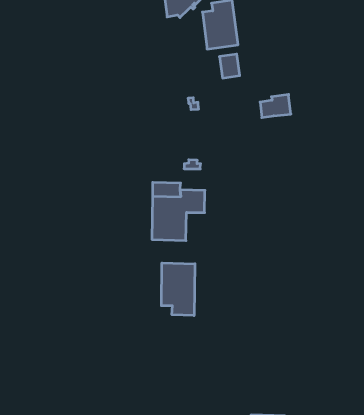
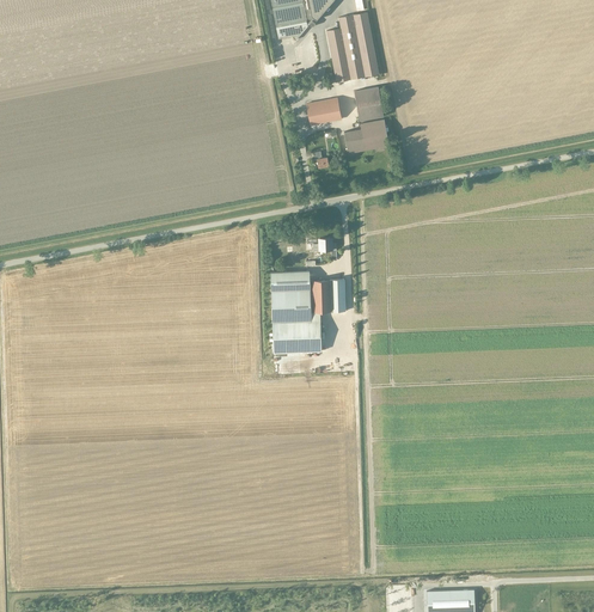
building: none -> [306,98,342,124]
building: [260,94,291,118] -> [344,118,388,153]
building: [161,263,195,316] -> none

